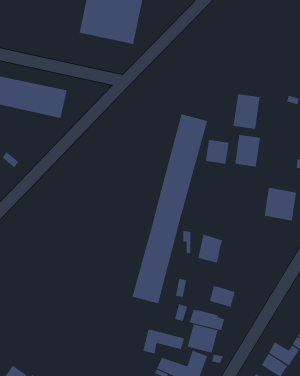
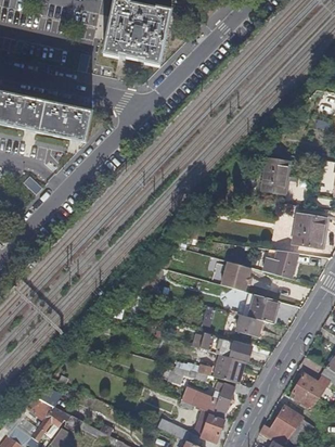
building: [233,93,260,130] -> none
building: [132,114,208,304] -> none
building: [205,139,229,165] -> none
building: none -> [262,246,298,277]
building: none -> [248,293,279,321]

